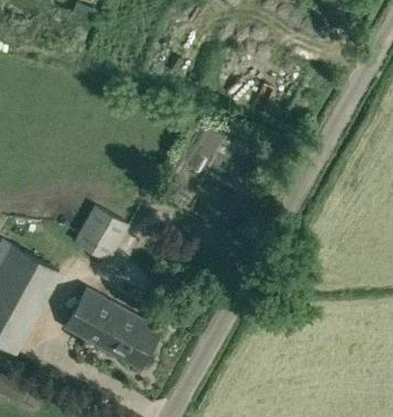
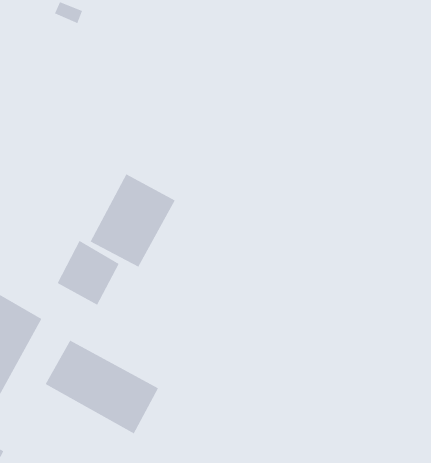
building: none -> [90,174,176,268]

